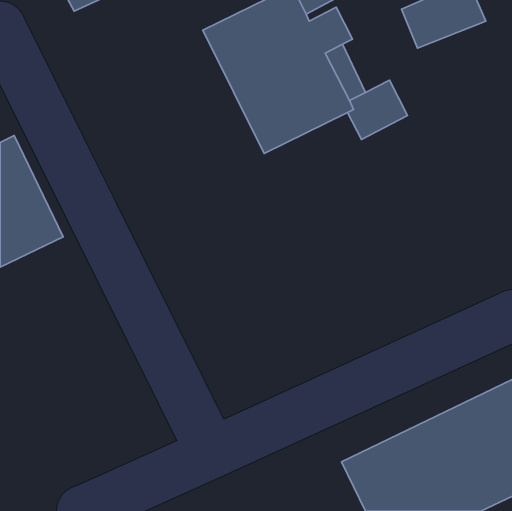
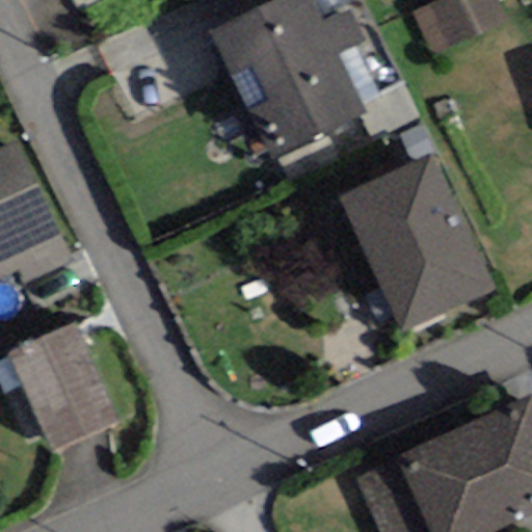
building: none -> [337,154,497,334]
building: none -> [6,320,119,452]

